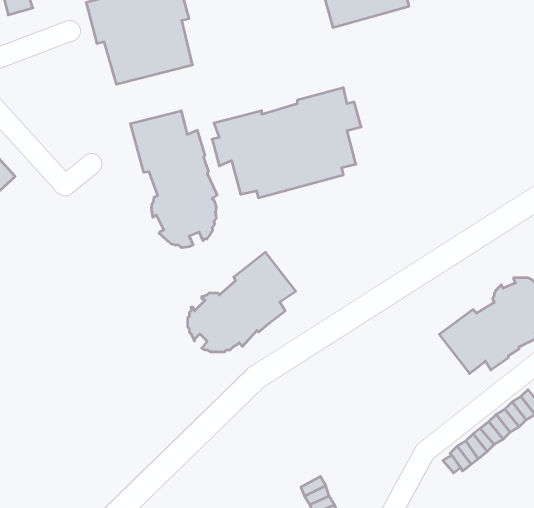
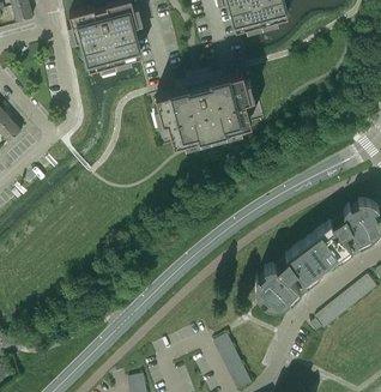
building: [130,111,217,248] -> none
building: [188,252,296,352] -> [254,236,327,303]

